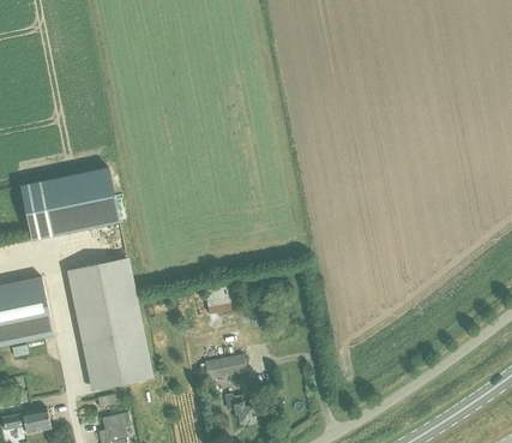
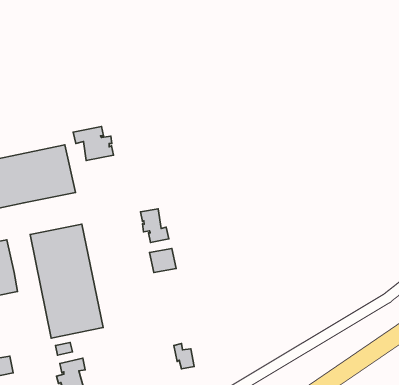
building: none -> [73,126,114,160]
building: none -> [141,209,169,242]
building: [205,353,247,378] -> none

